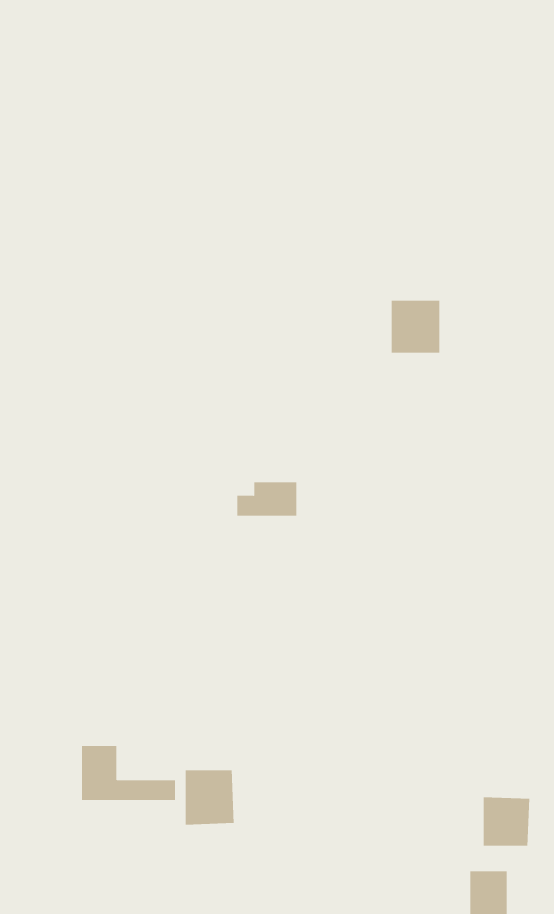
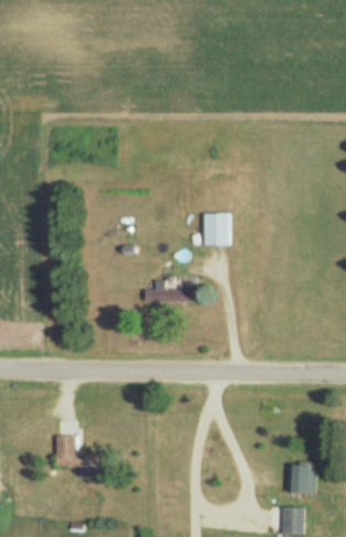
building: [391,300,440,353] -> [203,214,232,245]
building: [185,769,234,826] -> none

